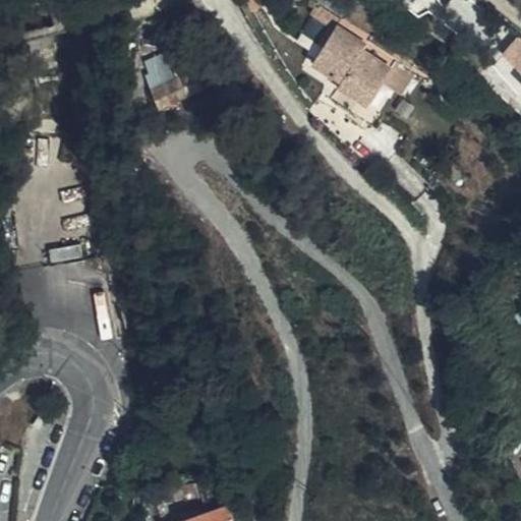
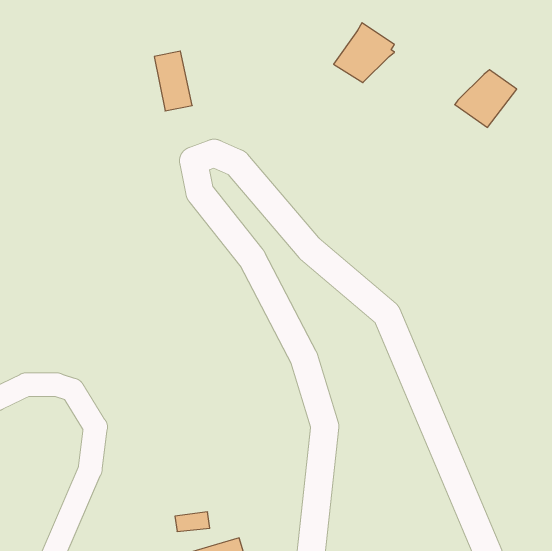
building: [337,53,395,107] -> [455,70,517,127]

